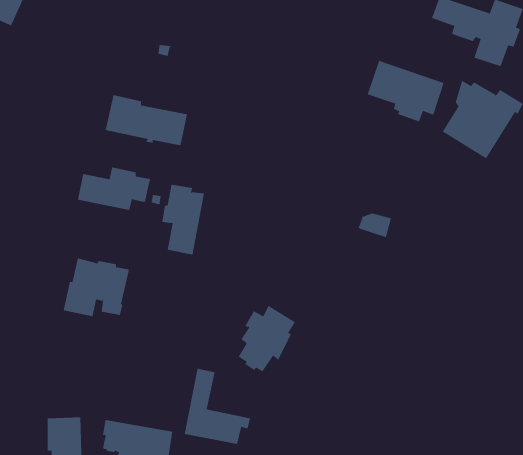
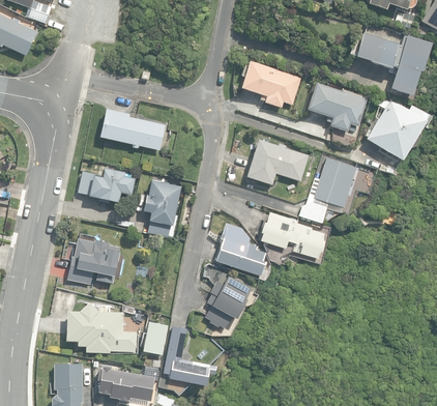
building: none -> [241,61,302,109]
building: none -> [247,140,309,184]
building: none -> [314,157,356,207]
building: none -> [261,212,324,259]
building: none -> [215,231,266,276]
building: none -> [67,301,138,353]
building: none -> [143,321,168,354]

